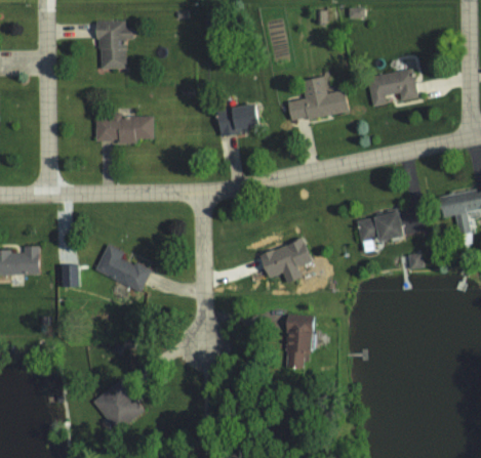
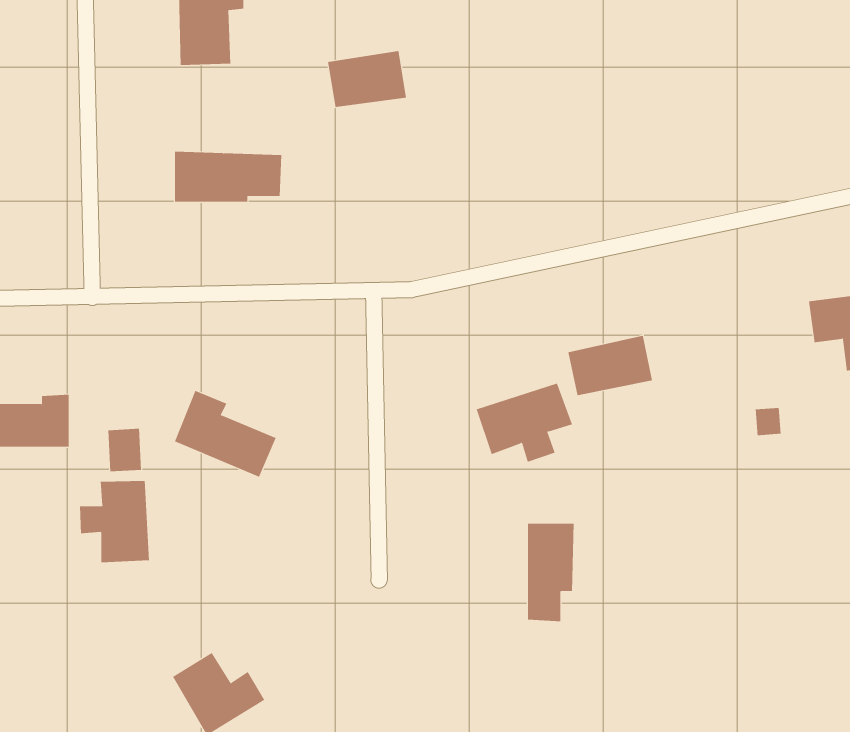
building: [368,69,418,107] -> none
building: [287,76,348,122] -> none
building: [216,103,259,134] -> [327,50,407,107]
building: [357,211,403,244] -> [567,335,653,396]
building: none -> [79,480,149,563]

